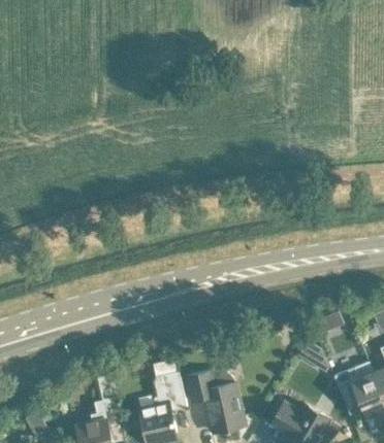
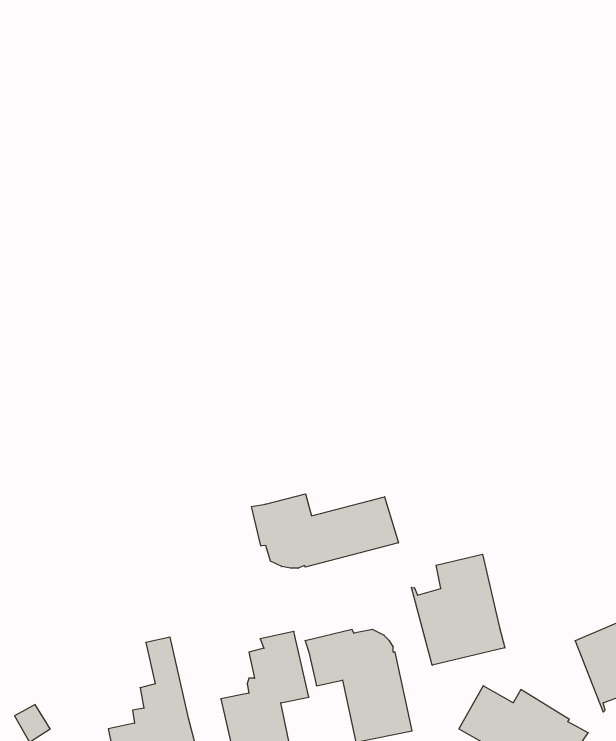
building: none -> [252,494,398,568]
building: none -> [411,554,505,665]

